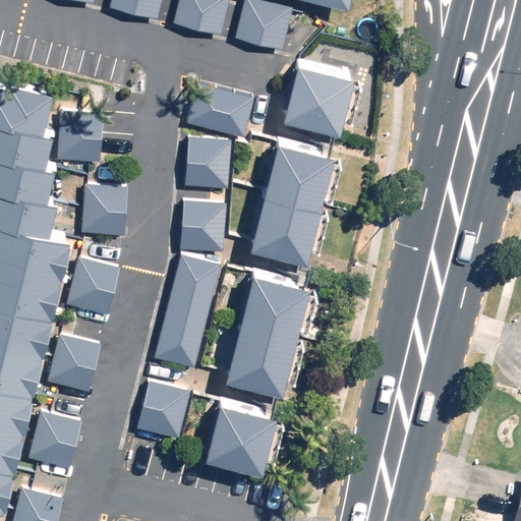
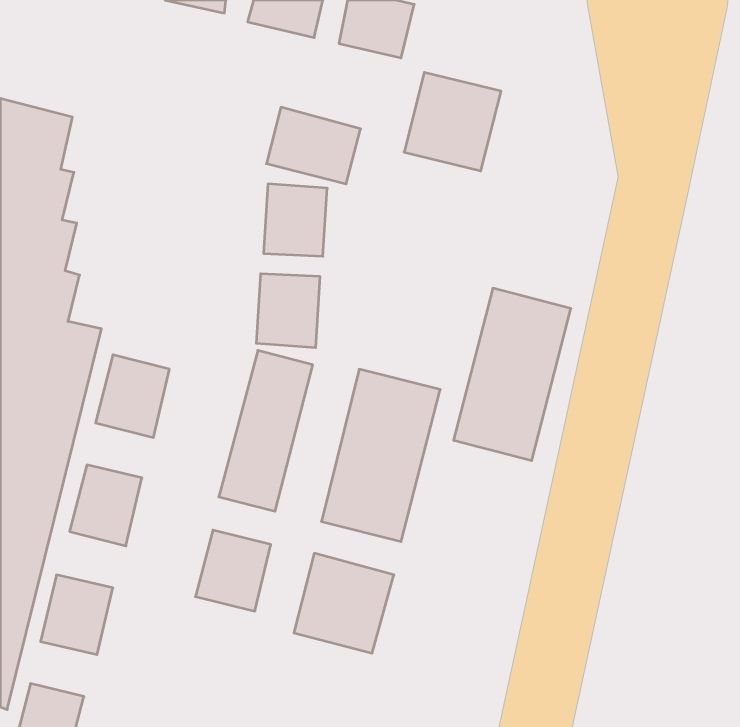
building: [58,113,102,163] -> none
building: [249,138,332,259] -> [454,288,571,461]
building: [83,186,128,235] -> none

